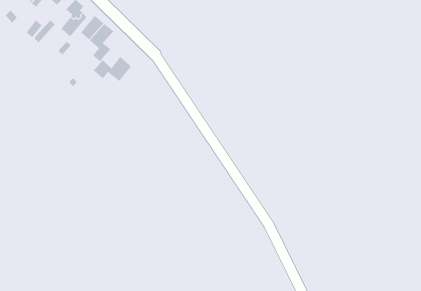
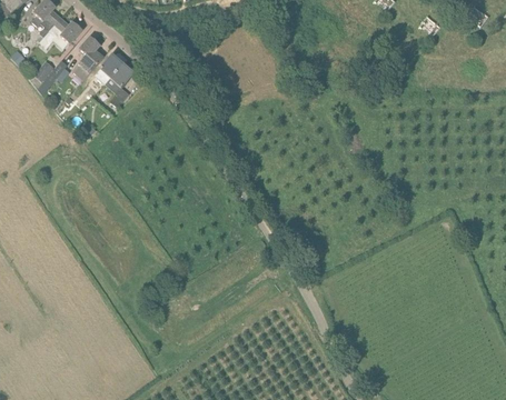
building: [93,56,132,82] -> none

